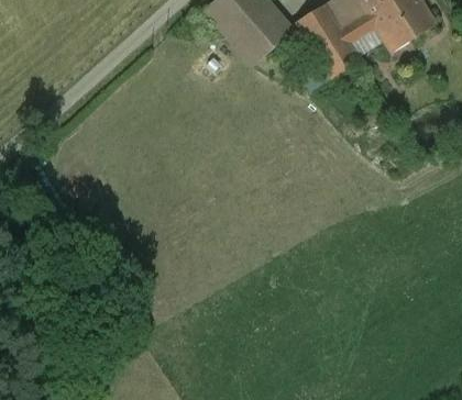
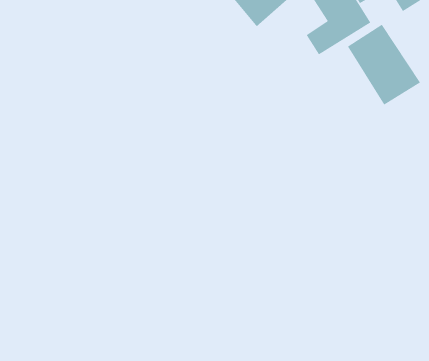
building: none -> [347,24,421,105]

